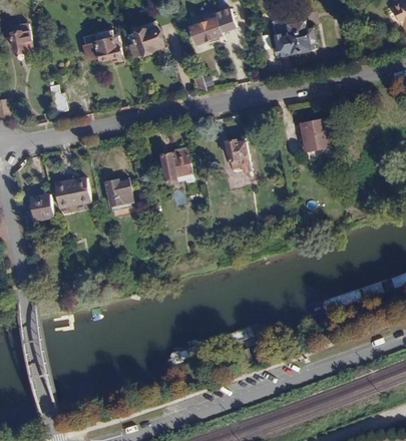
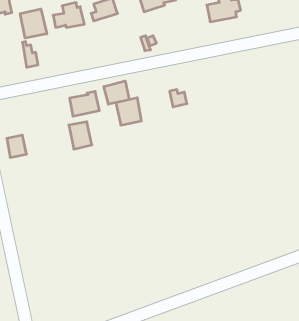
building: none -> [20,9,47,38]
building: [299,118,329,149] -> none
building: none -> [104,81,129,104]
building: [54,177,90,207] -> [70,91,99,116]

